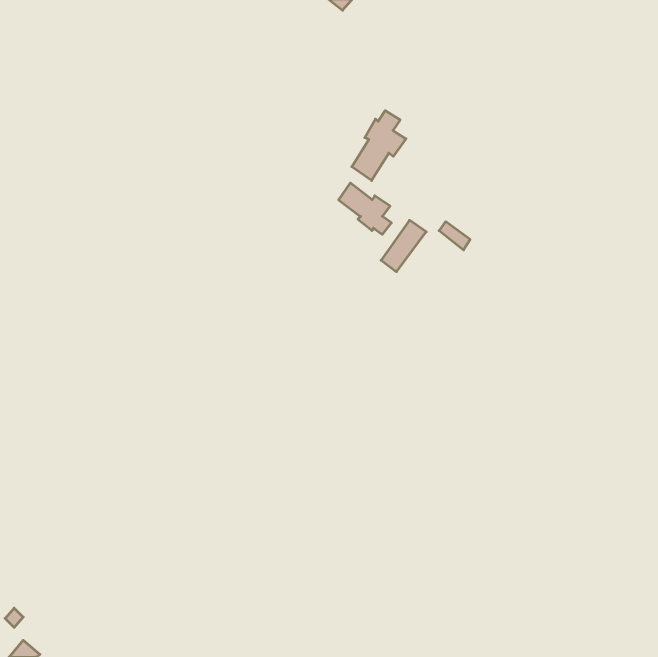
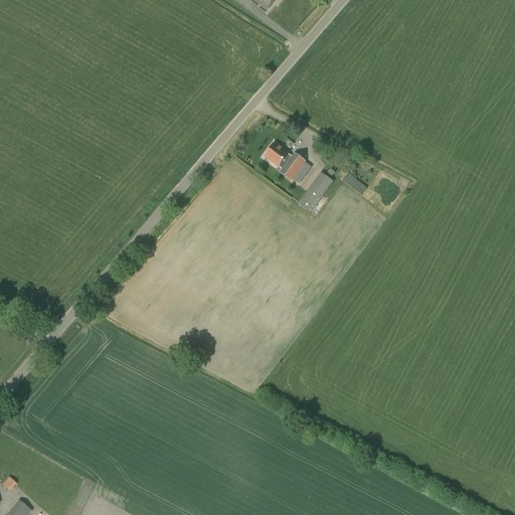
building: [352,111,406,181] -> none

